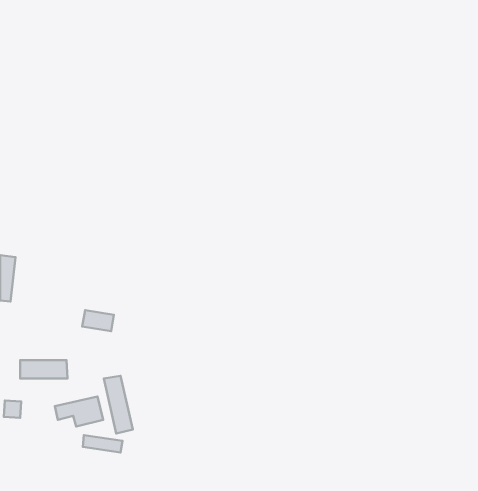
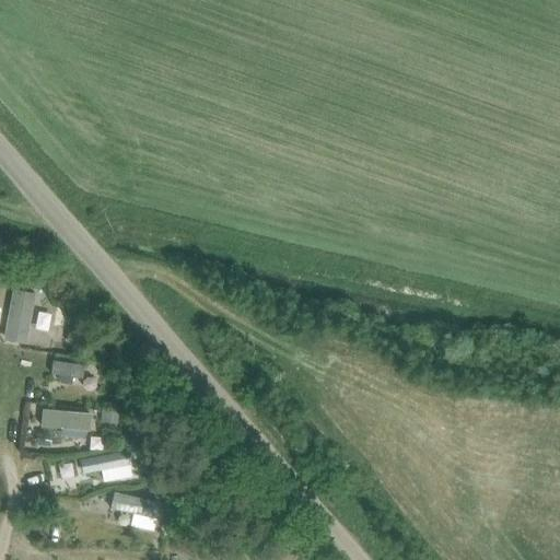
building: [82,310,114,331] -> [48,358,84,382]
building: [104,376,133,433] -> none

